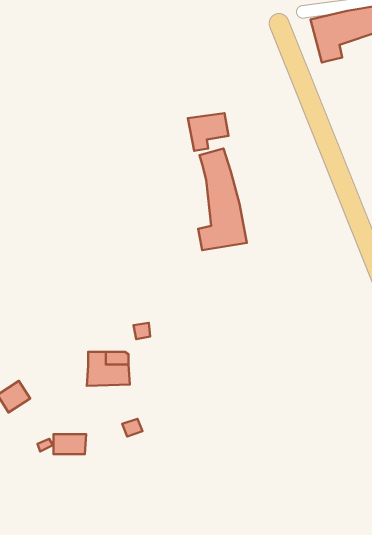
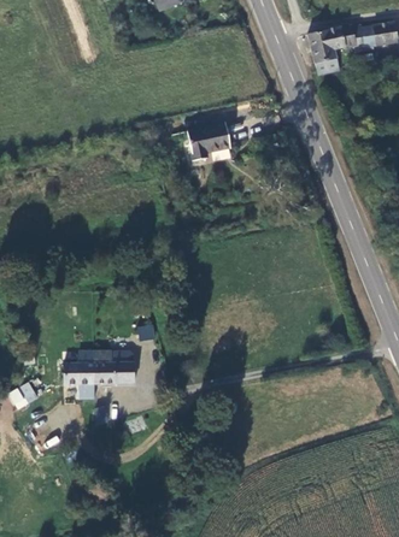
building: [198,149,247,250] -> none
building: [53,434,86,454] -> [64,365,95,384]

